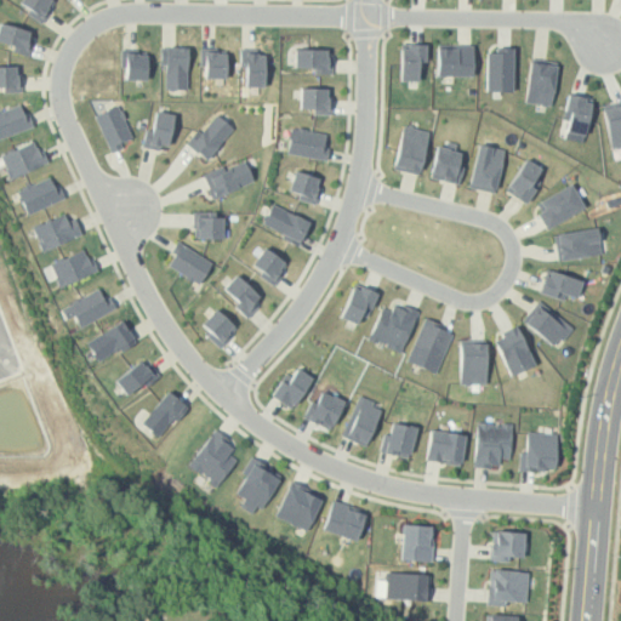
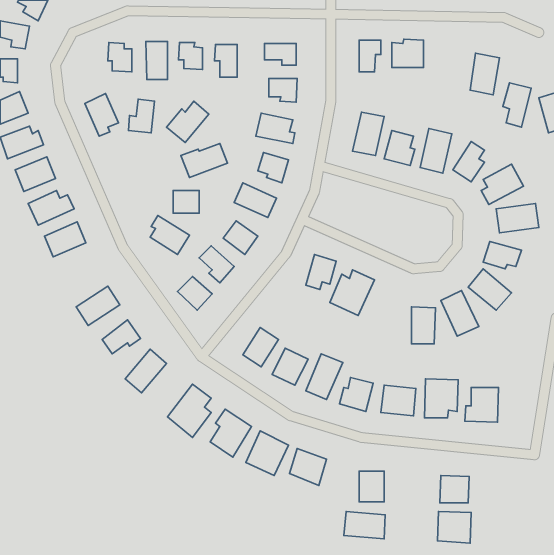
building: [488,50,514,92] -> none
building: [62,290,118,326] -> none
building: [408,319,455,374] -> none

